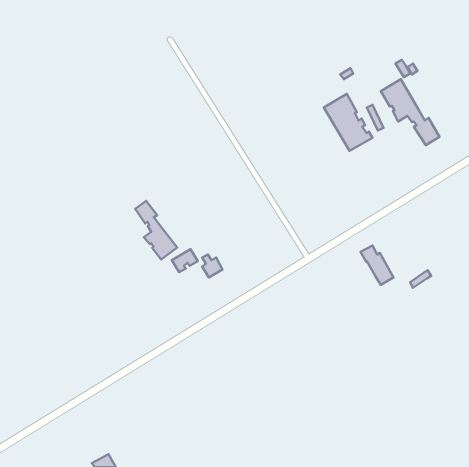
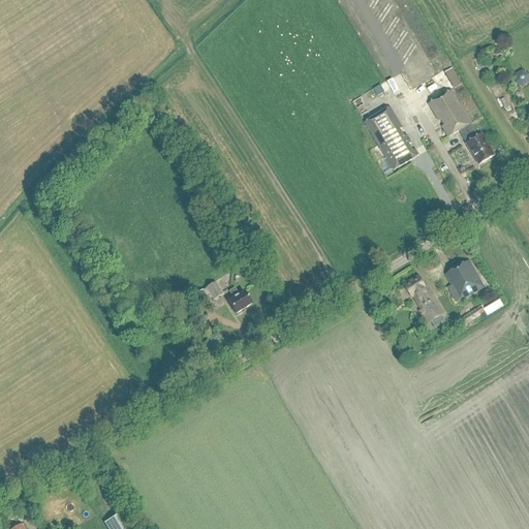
building: [135,201,177,259] -> none
building: none -> [445,260,483,301]

